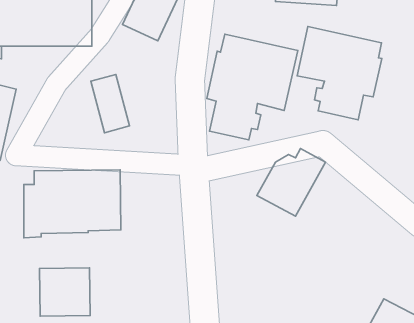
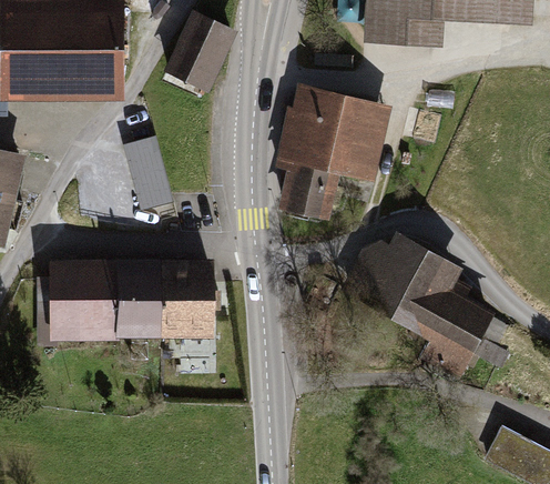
building: [297,26,382,120] -> none
building: none -> [387,249,509,380]
building: none -> [161,259,216,336]
building: [39,268,90,316] -> none

